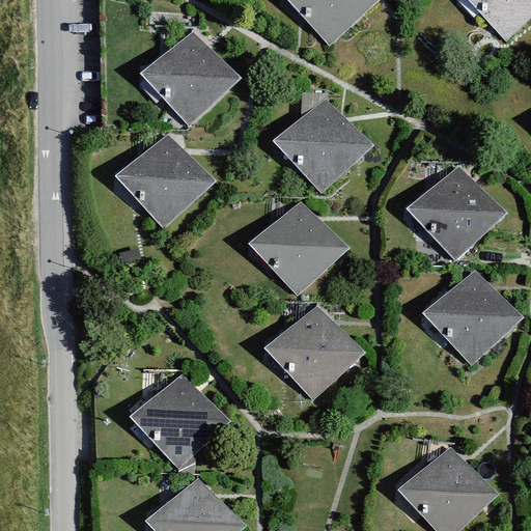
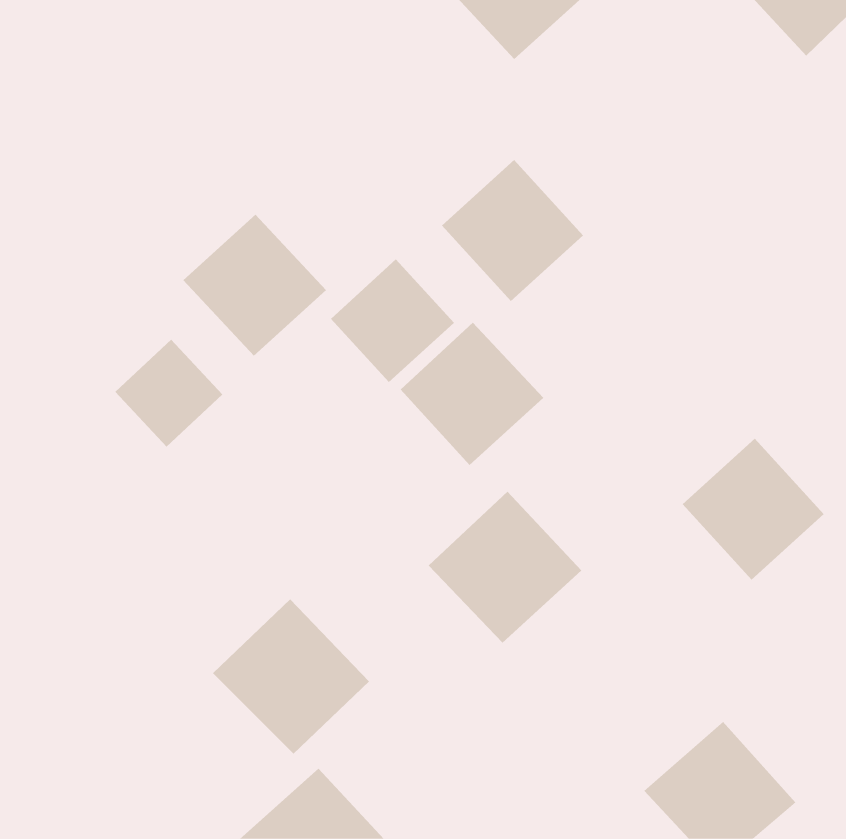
building: [141,30,230,120] -> none
building: none -> [330,259,455,383]
building: [409,166,498,256] -> none
building: none -> [114,339,223,447]

